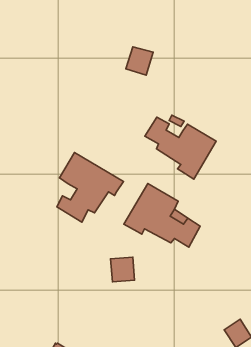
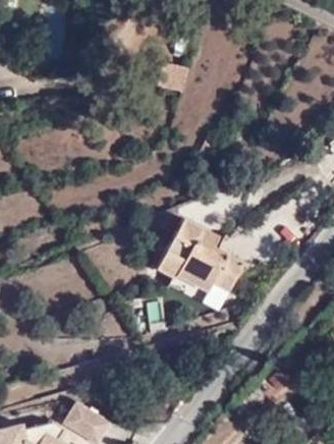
building: [145,117,216,179] -> none
building: [57,152,124,222] -> none

